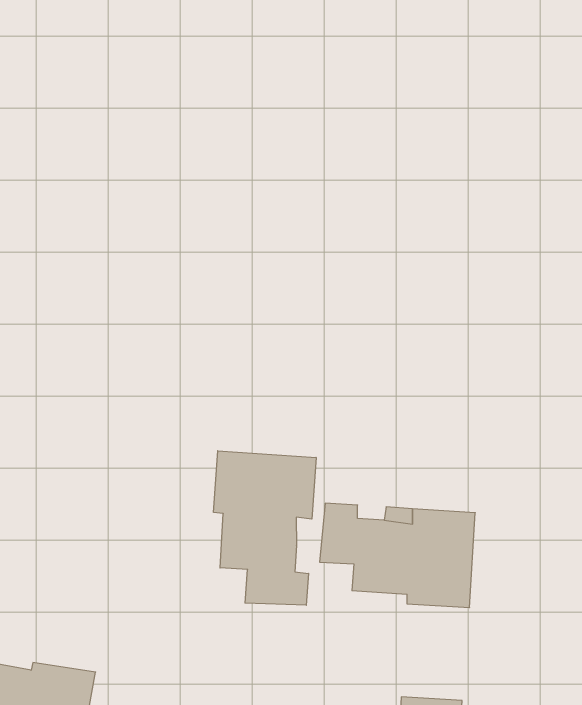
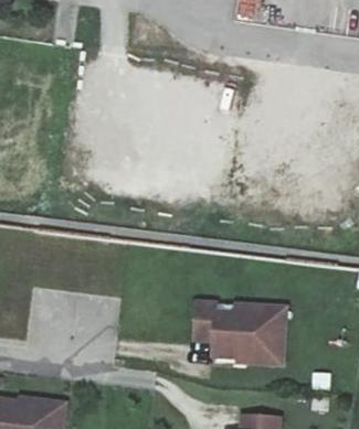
building: [214,451,316,605] -> none

